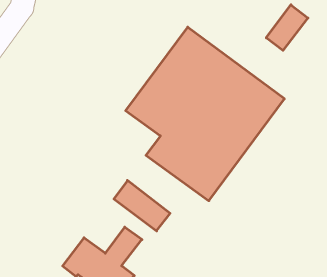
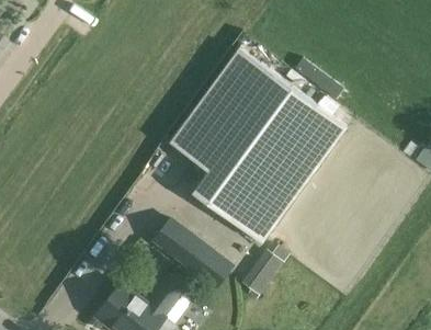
building: [266,5,308,50] -> none
building: none -> [240,249,284,296]

